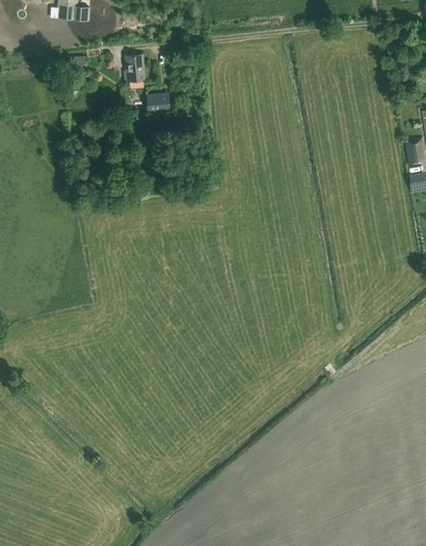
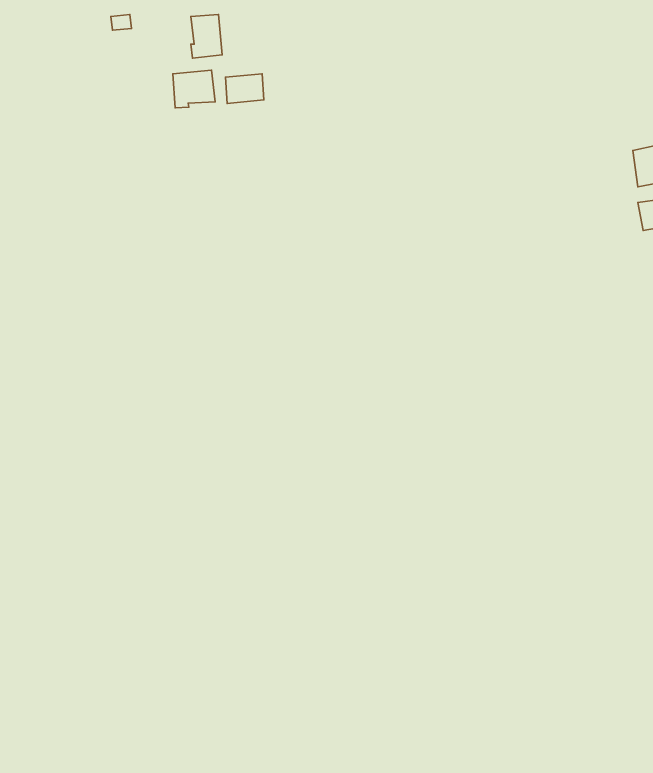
building: none -> [173,70,215,108]

